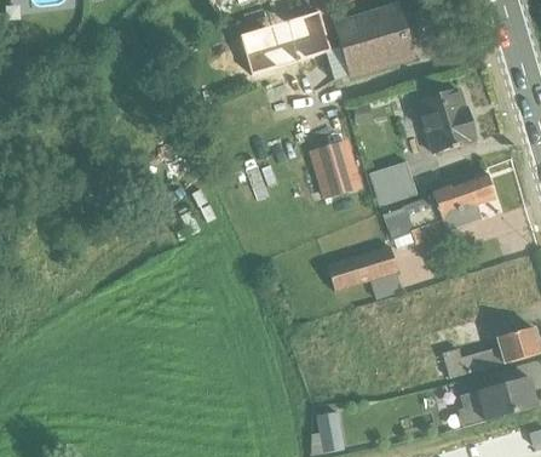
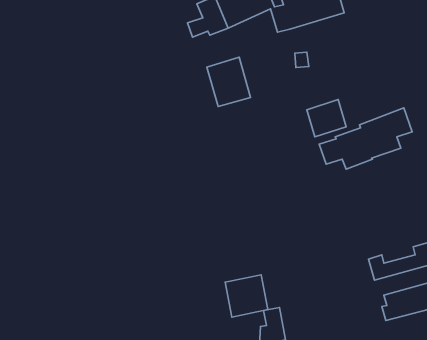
building: [416,87,476,152] -> none
building: [310,137,362,196] -> [207,57,250,107]
building: [327,242,403,297] -> none
building: none -> [225,275,268,317]

